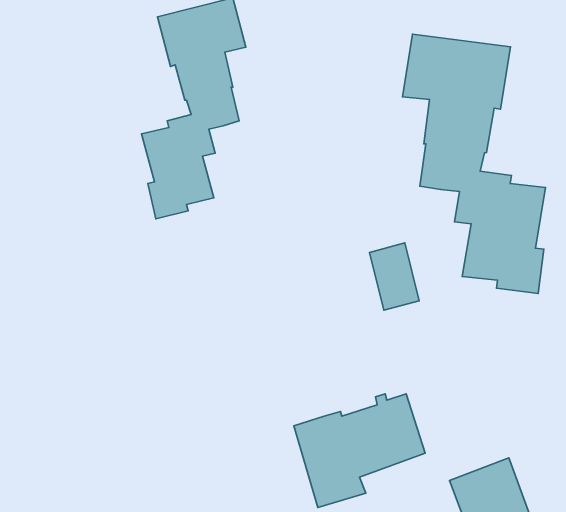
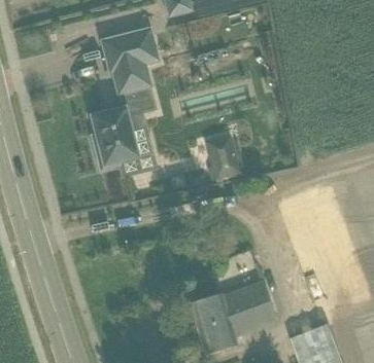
building: [402,34,546,293] -> none
building: [369,243,419,310] -> [208,137,240,180]

